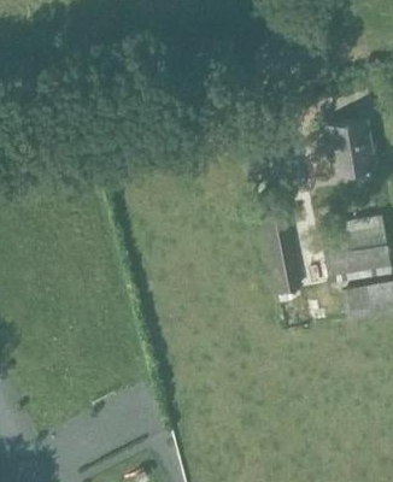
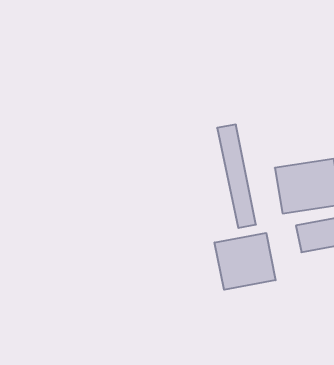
building: [324,119,377,177] -> none
building: none -> [215,233,276,290]

